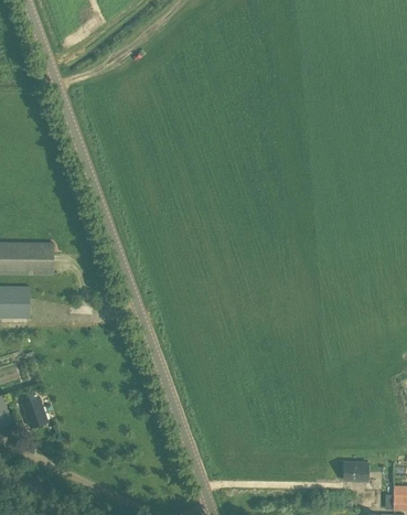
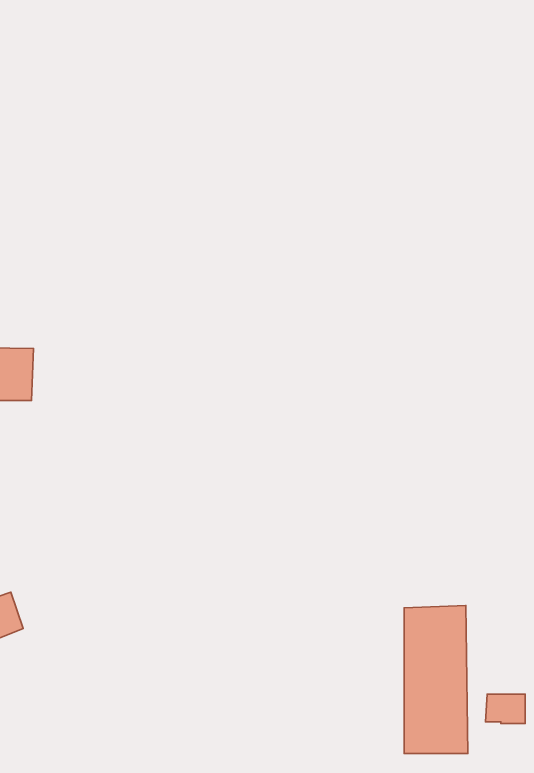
building: none -> [404,606,468,753]

